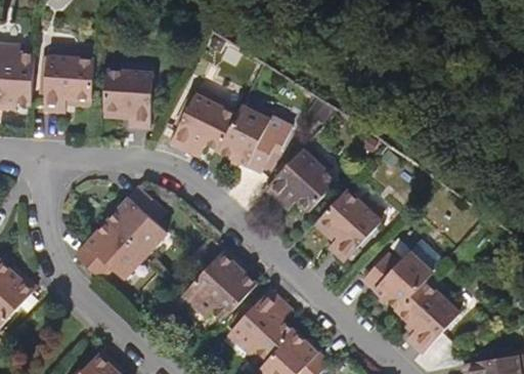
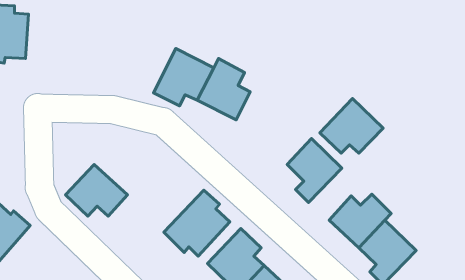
building: [45,56,94,111] -> none
building: [104,69,155,126] -> none
building: [265,150,335,210] -> [320,98,383,153]
building: [105,185,164,253] -> none

